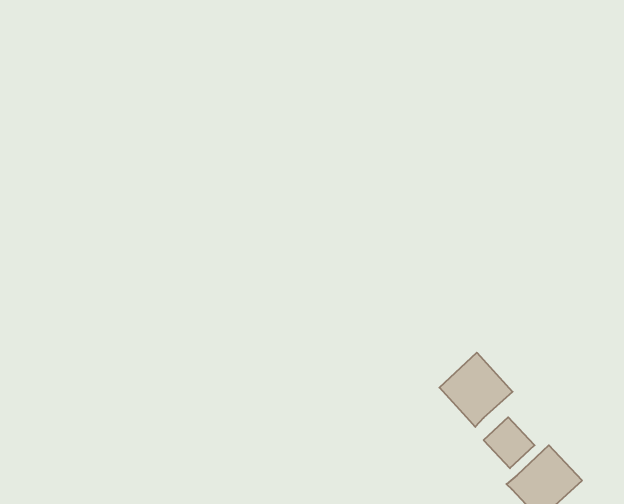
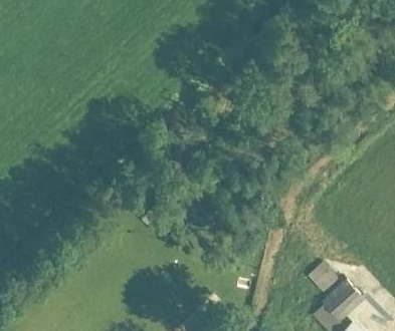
building: [439,353,513,427] -> none

